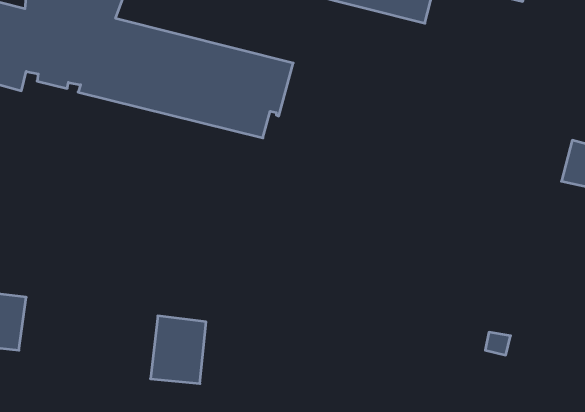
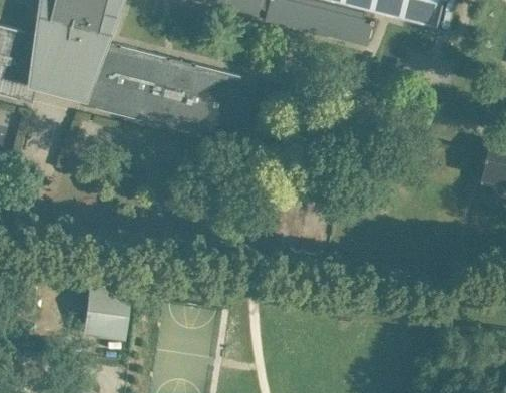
building: [150,316,206,384] -> [81,282,127,338]

